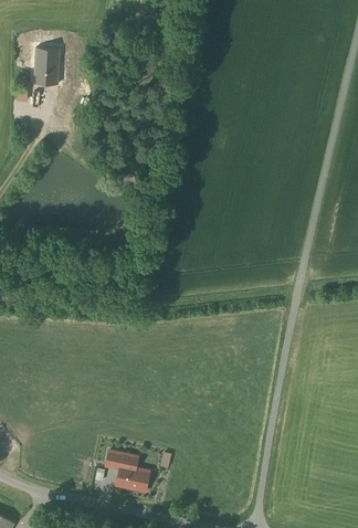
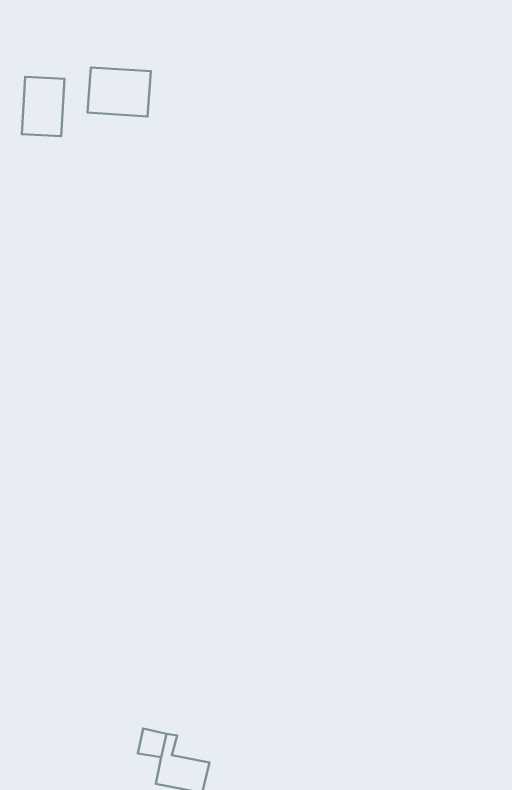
building: none -> [87,68,151,116]

